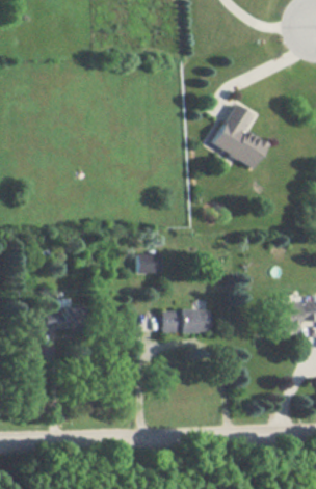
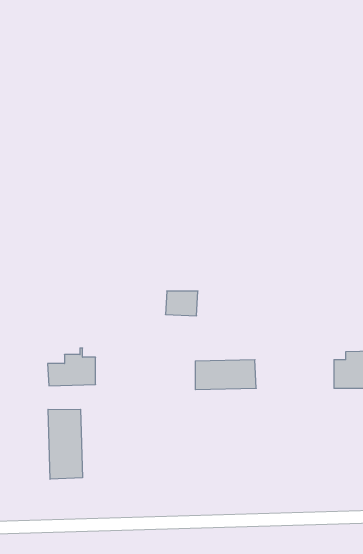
building: [210,105,266,169] -> none
building: none -> [48,409,82,479]

